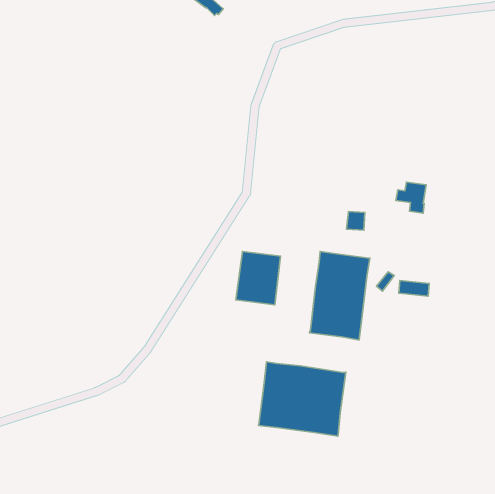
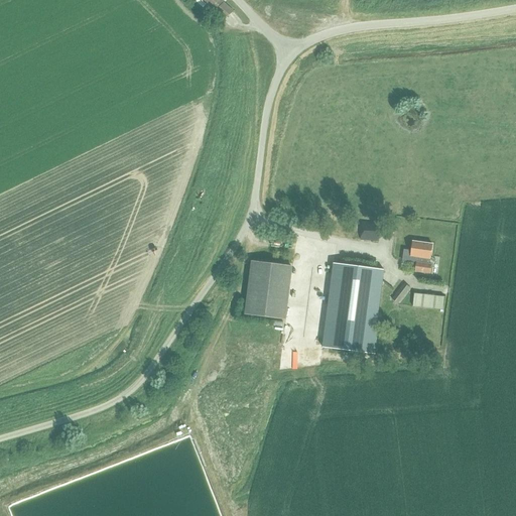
building: [396,182,426,213] -> [401,240,432,272]
building: [259,362,346,436] -> none

